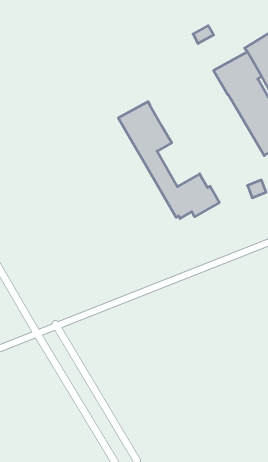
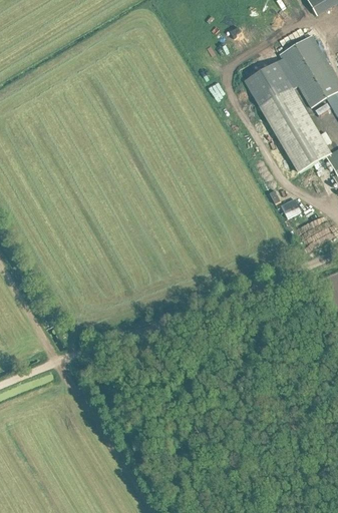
building: [118,102,219,219] -> none

